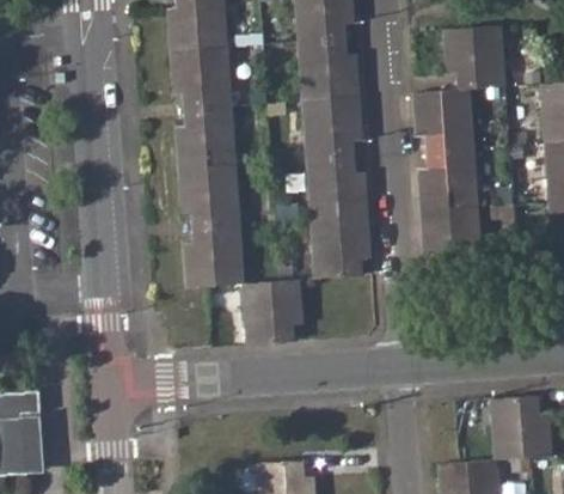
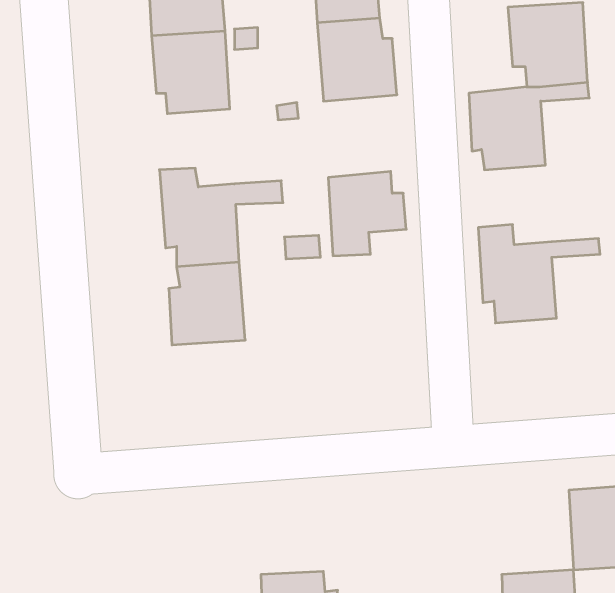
building: [302,96,362,159] -> none
building: [176,106,234,166] -> none
building: [418,150,477,211] -> none
building: [309,199,369,278] -> none
building: [243,279,301,343] -> none

